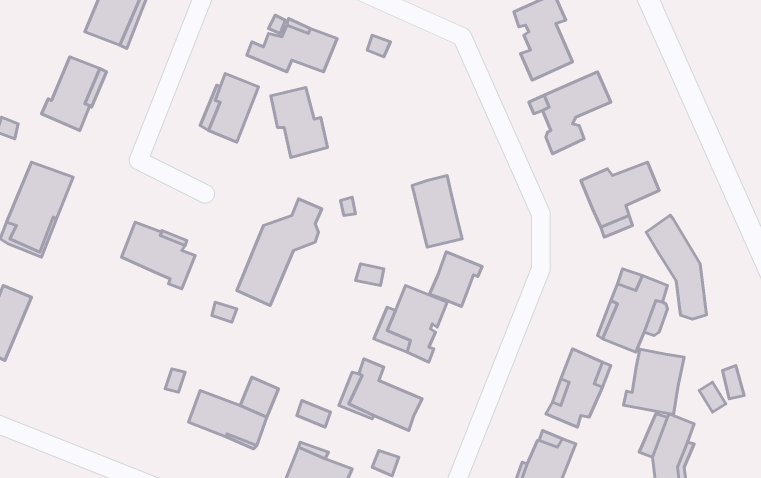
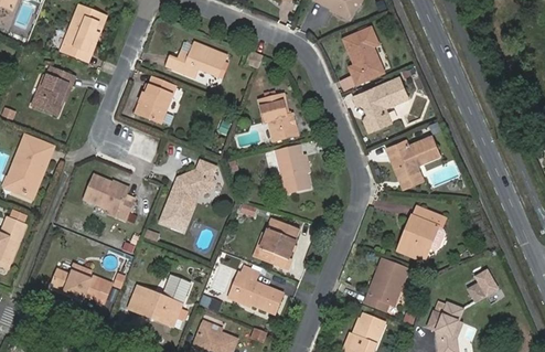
building: [271,87,328,157] -> [259,94,297,140]
building: [646,215,707,319] -> none
building: [430,252,482,307] -> none
building: [623,349,684,415] -> none
building: none -> [51,265,109,302]

